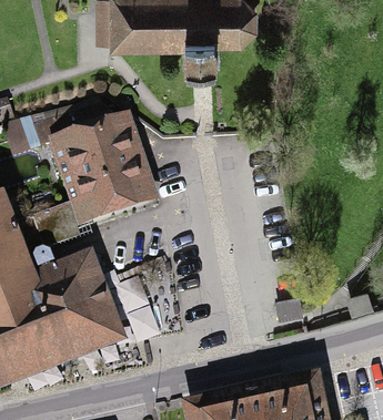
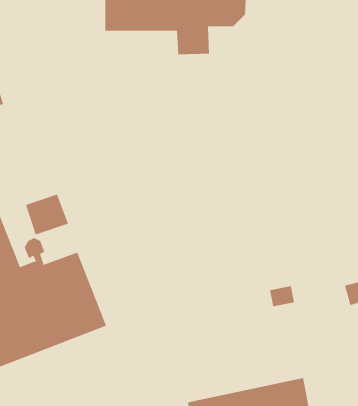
building: [37,106,143,214] -> none

